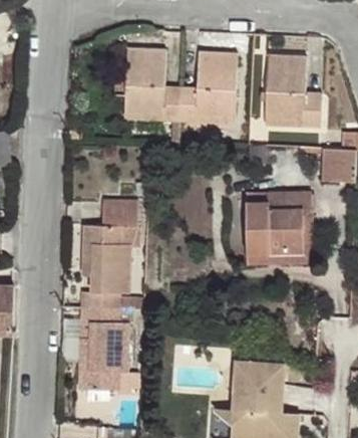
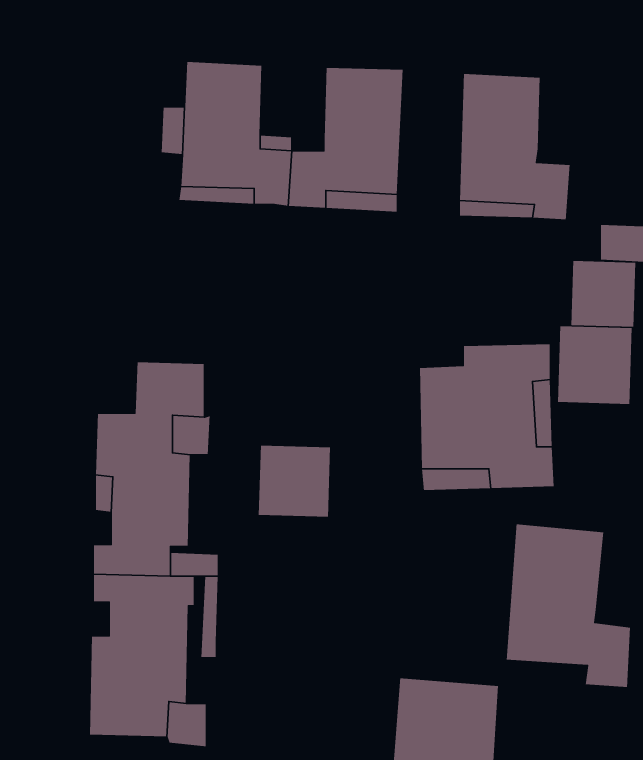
building: none -> [557,325,632,405]
building: none -> [258,445,331,518]
building: none -> [506,523,631,688]

